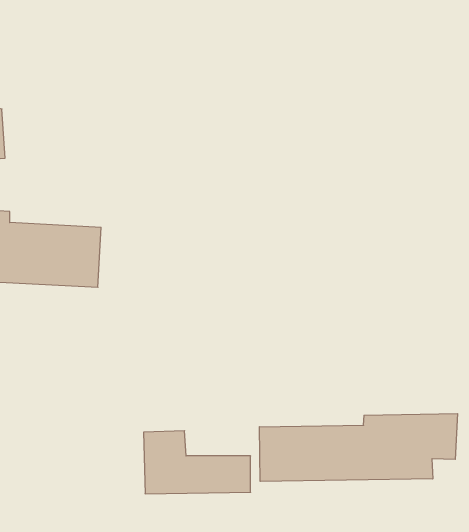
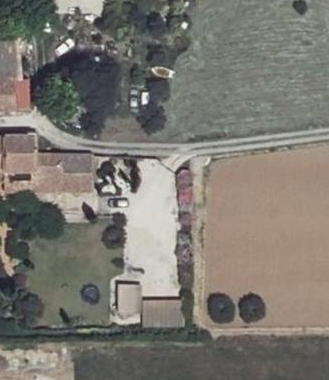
building: [259,414,458,481] -> none

